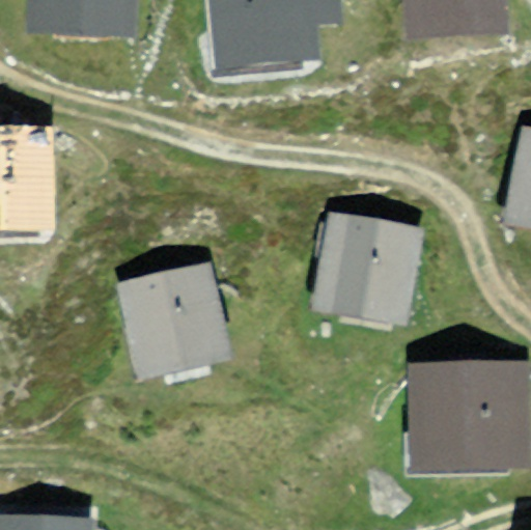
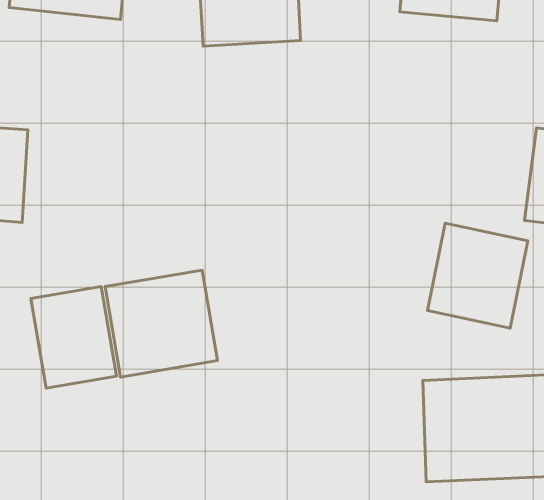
building: [324,221,418,319] -> [427,223,528,328]
building: none -> [31,286,116,388]

